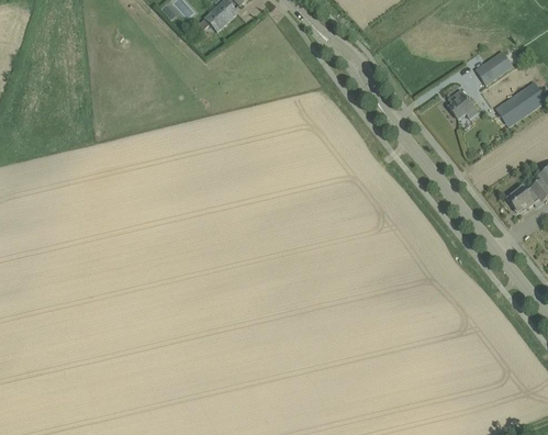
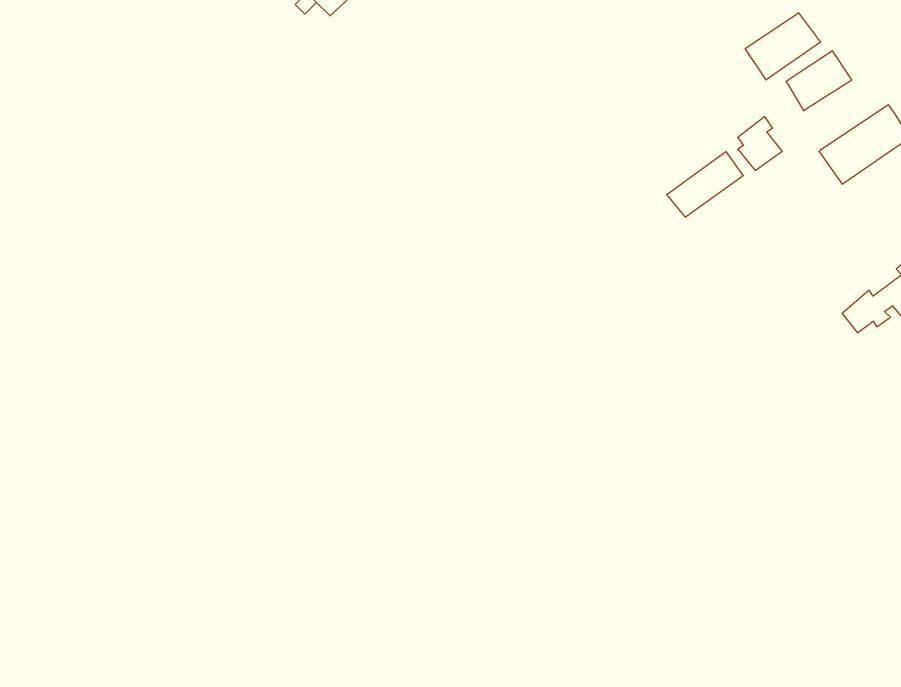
building: none -> [745,13,821,80]
building: none -> [667,151,743,217]

